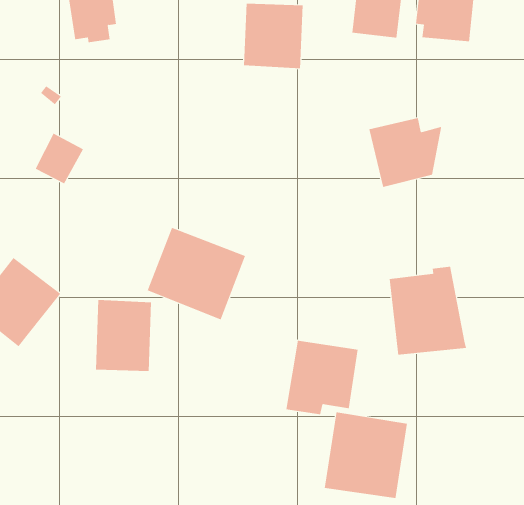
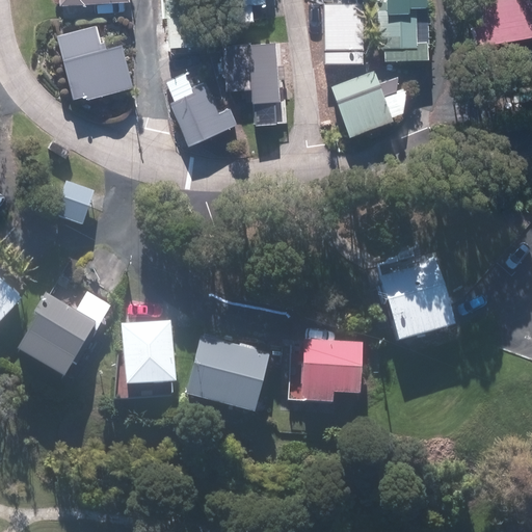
building: none -> [165,69,228,142]
building: [369,118,442,188] -> [331,66,397,133]
building: [147,227,246,320] -> [185,336,270,414]
building: [324,411,408,499] -> none

